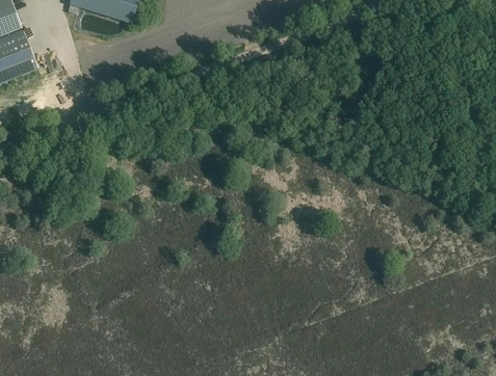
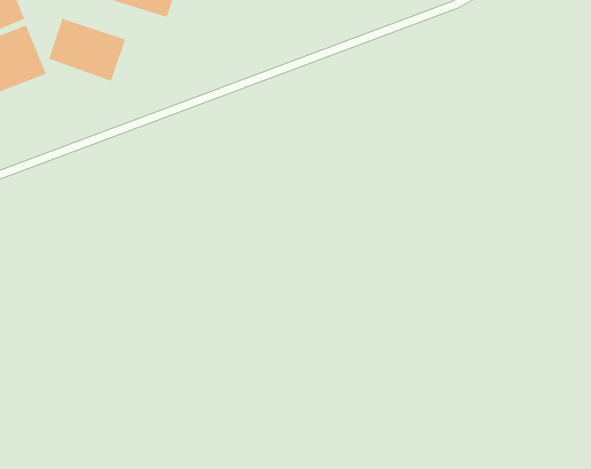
building: none -> [48,18,126,82]

